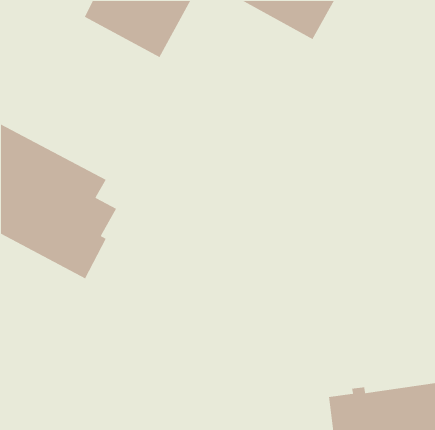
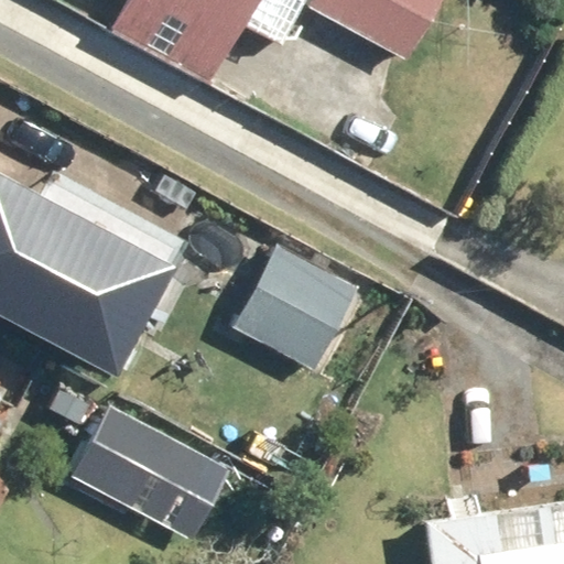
building: none -> [232,241,360,371]
building: none -> [74,406,217,533]

